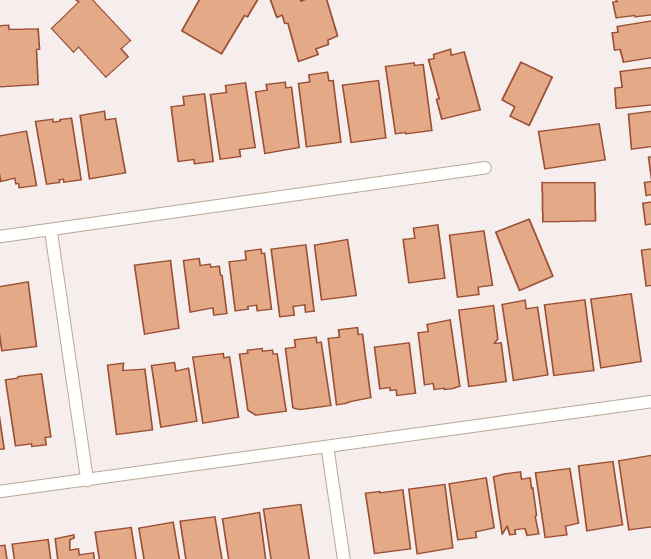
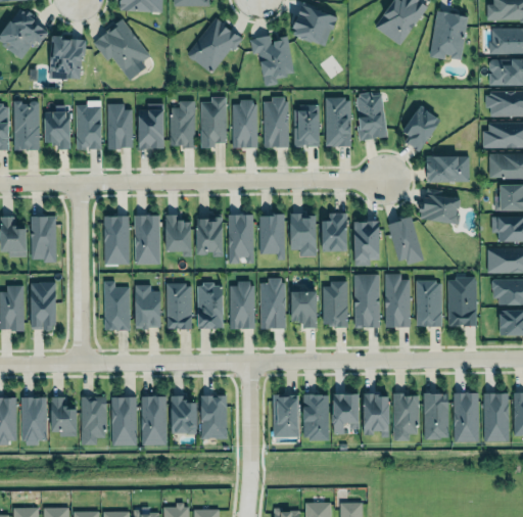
building: none -> [138,103,164,149]
building: none -> [290,214,317,256]
building: none -> [101,215,128,263]

